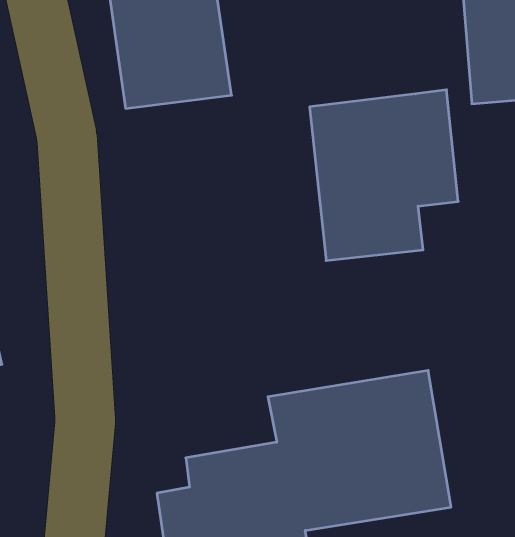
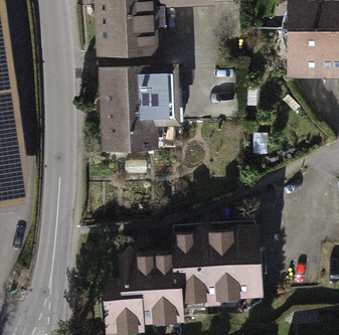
building: [310,90,458,261] -> [99,62,176,151]

